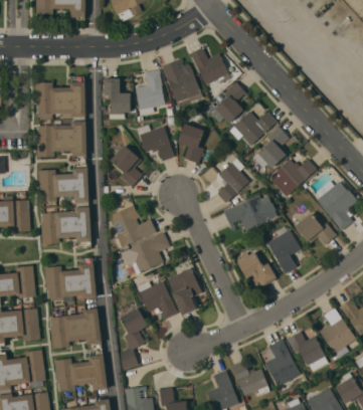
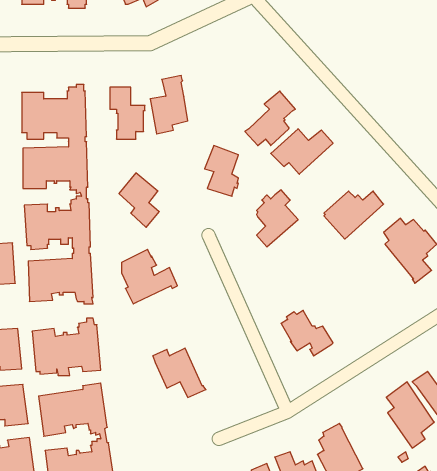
building: [189,47,229,84] -> none
building: [161,58,202,102] -> none
building: [137,124,174,161] -> none
building: [248,126,289,171] -> none
building: [223,194,277,230] -> none
building: [295,213,336,244] -> none
building: [266,225,301,273] -> none
building: [127,232,169,273] -> none
building: [166,267,202,315] -> none
building: [115,303,148,369] -> none
building: [286,331,327,371] -> none

